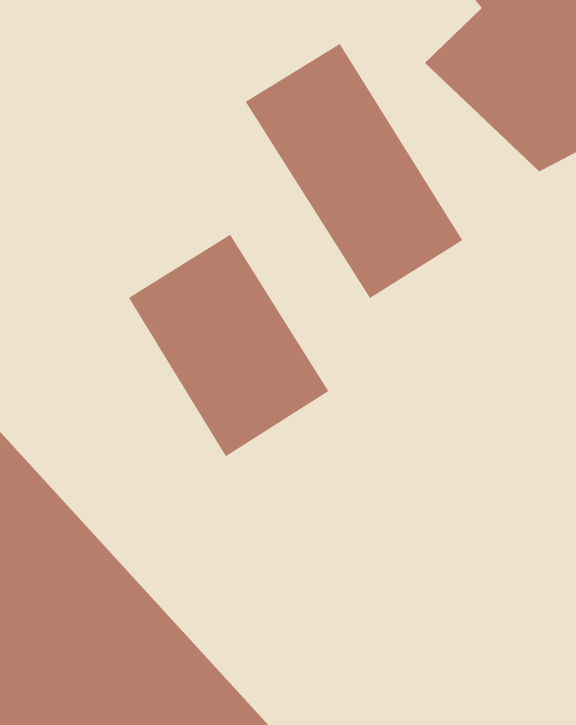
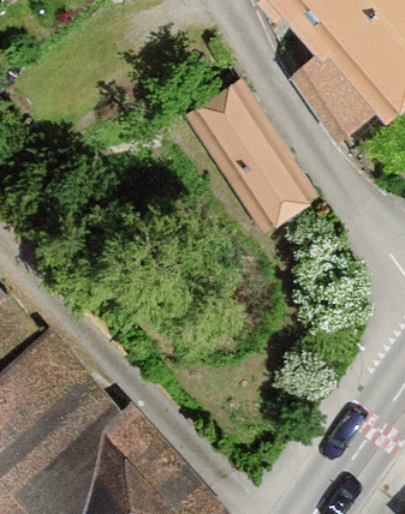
building: [128,234,329,457] -> none

